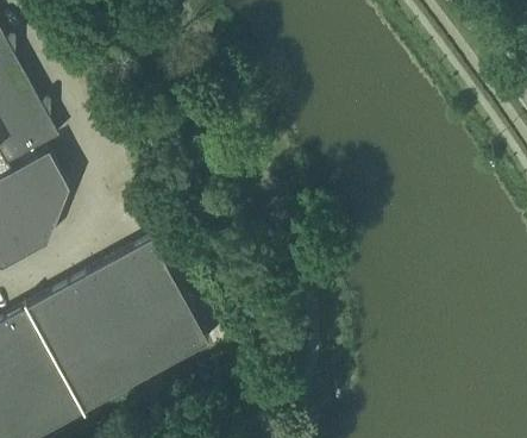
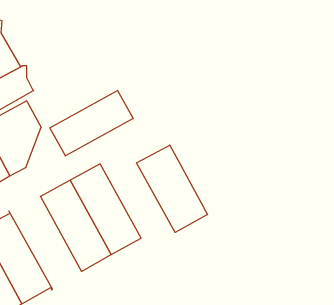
building: none -> [50,91,133,156]
building: none -> [137,145,208,232]
building: [24,286,125,415] -> none

